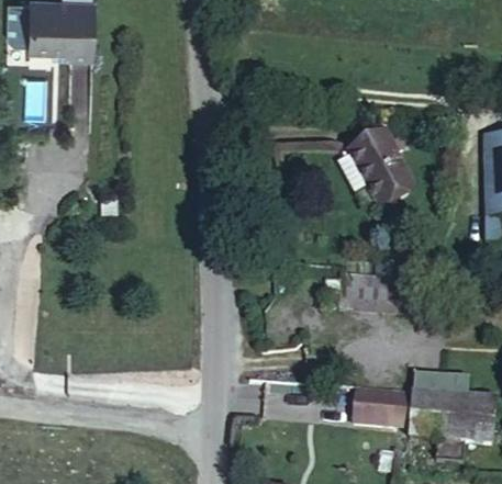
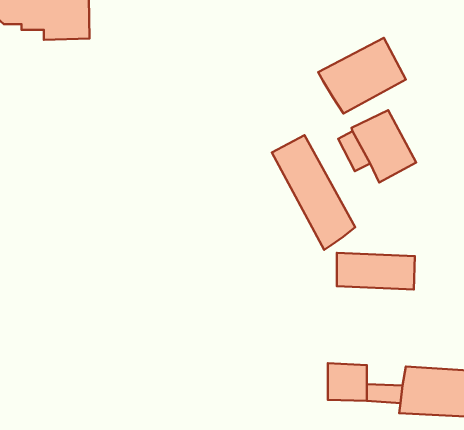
building: none -> [318,38,406,114]
building: none -> [272,135,355,250]

